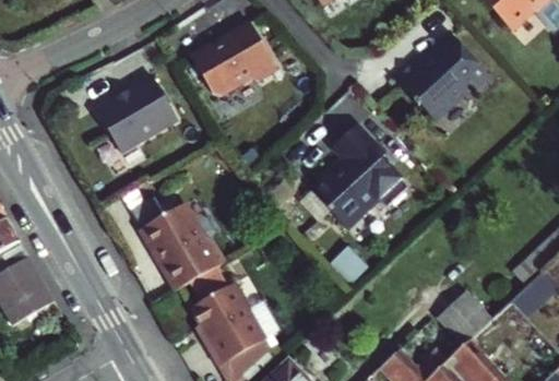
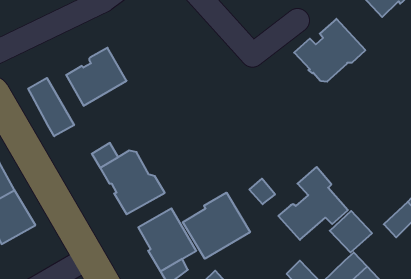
building: [191,20,277,94] -> none
building: none -> [28,78,74,136]
building: [307,123,399,219] -> [278,167,348,240]
building: none -> [183,193,250,259]

